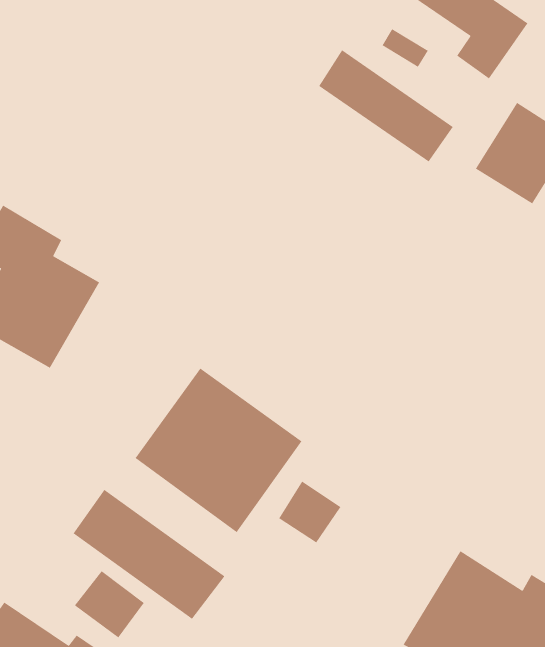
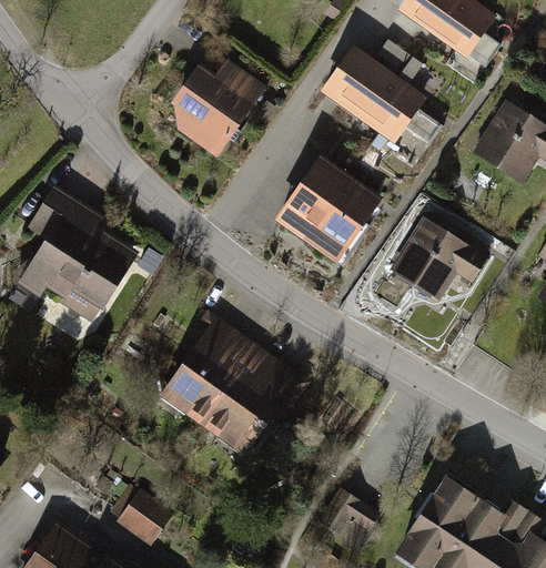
building: none -> [180,62,266,161]
building: none -> [281,158,372,244]
building: none -> [370,210,476,303]
building: [278,480,341,543] -> [318,491,372,545]
building: [72,489,226,620] -> none

